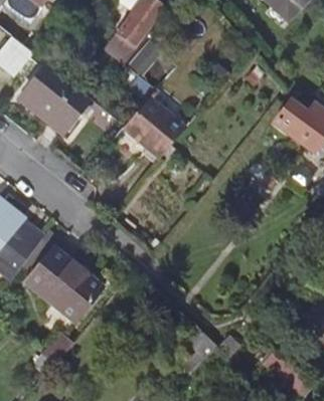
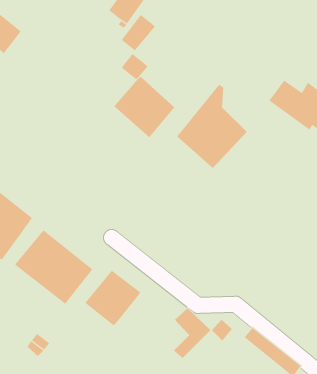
building: [18,62,91,134] -> none
building: none -> [176,84,248,169]
building: none -> [84,270,141,326]

